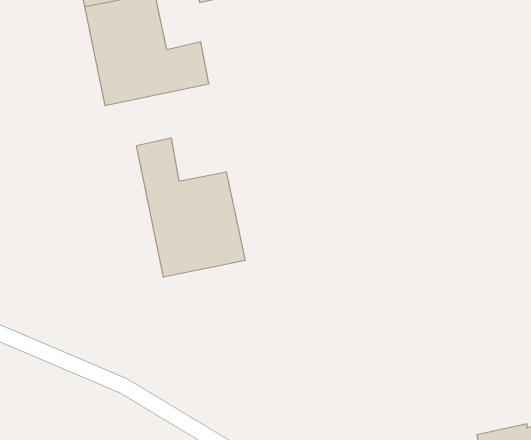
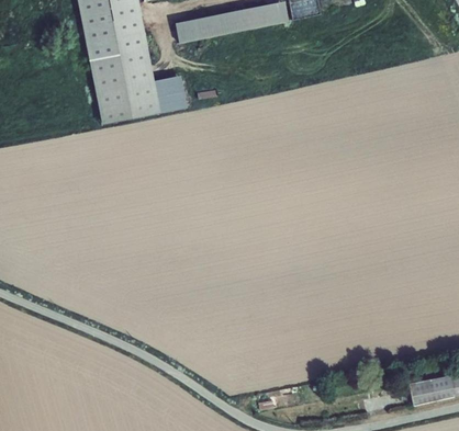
building: [137,138,245,277] -> none

